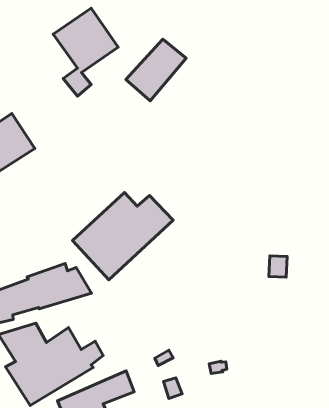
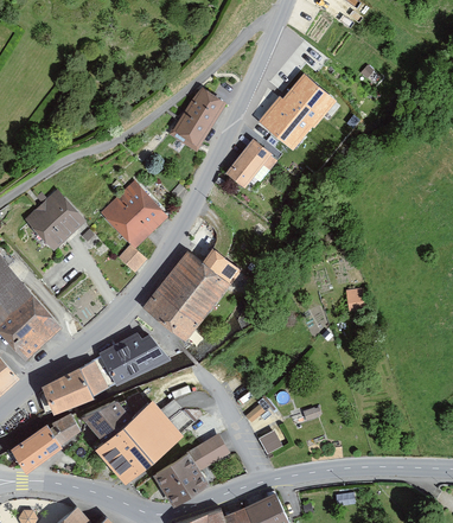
building: [53,8,118,96] -> [100,180,168,273]
building: none -> [259,74,338,153]
building: none -> [225,141,275,191]

